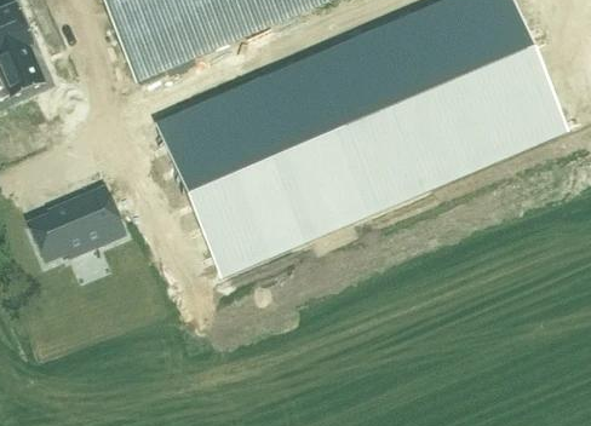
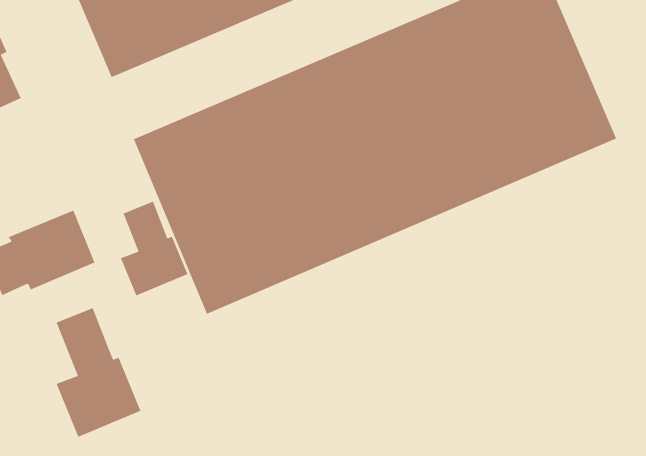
building: none -> [120,201,188,296]
building: none -> [56,307,142,438]

